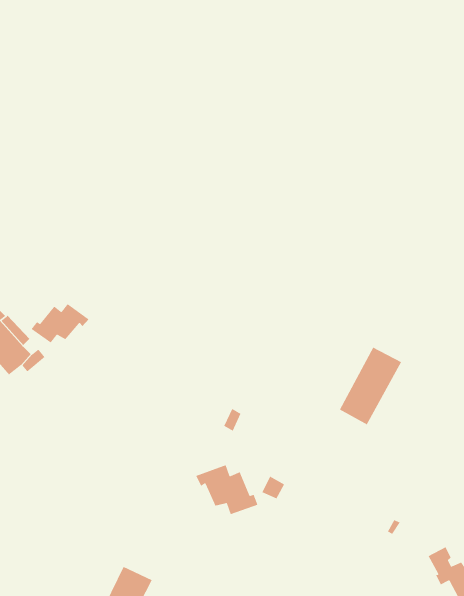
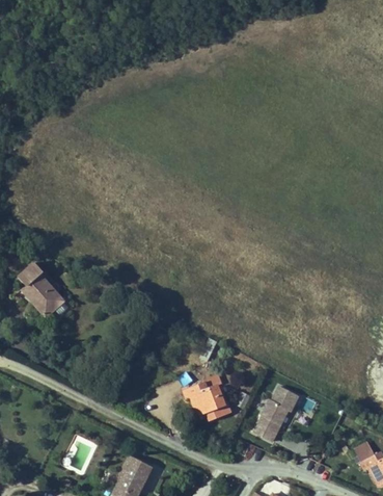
building: [30,303,90,344] -> none
building: [339,346,402,425] -> [252,385,299,443]

